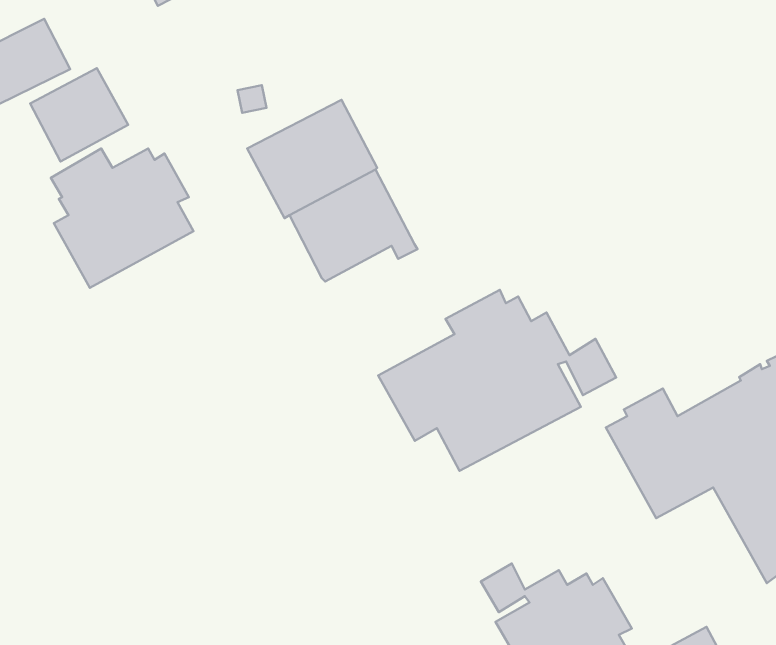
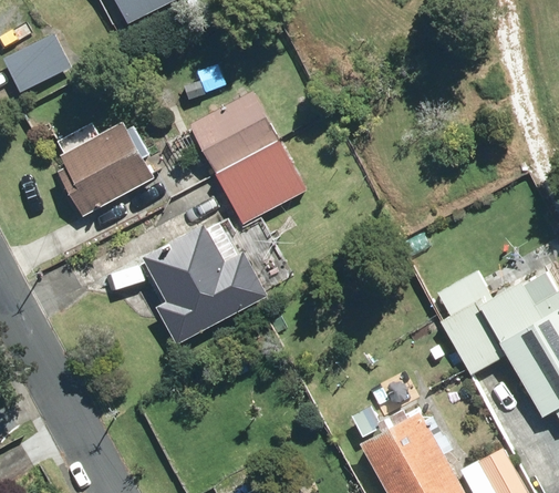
building: [30,68,128,162] -> none
building: [378,290,616,471] -> none
building: none -> [145,222,268,343]

